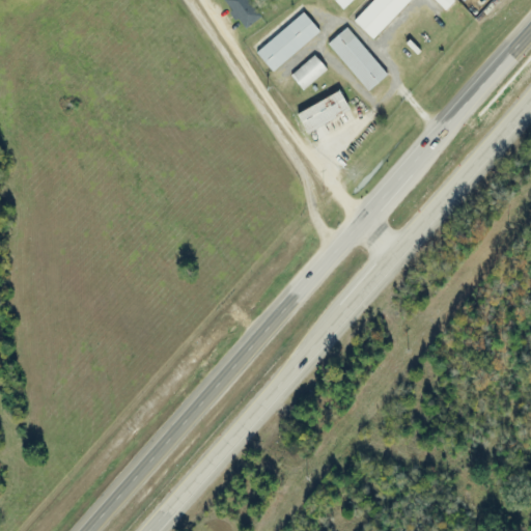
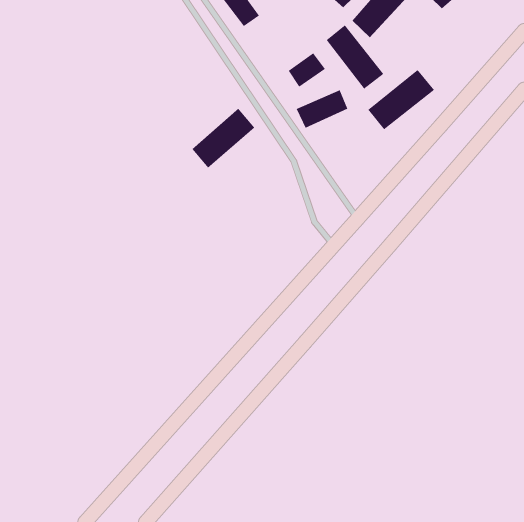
building: [256,10,320,72] -> [191,108,255,169]
building: none -> [368,69,435,130]

